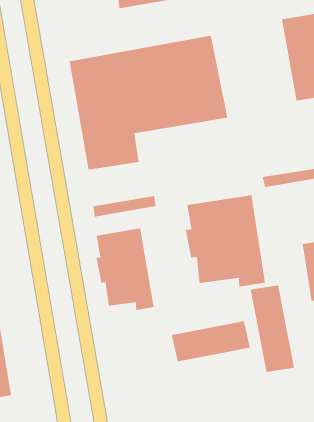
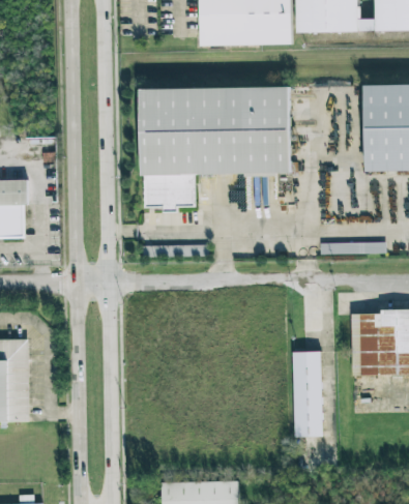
building: [185,194,266,287] -> none
building: [96,228,154,311] -> none
building: [171,320,250,362] -> none

